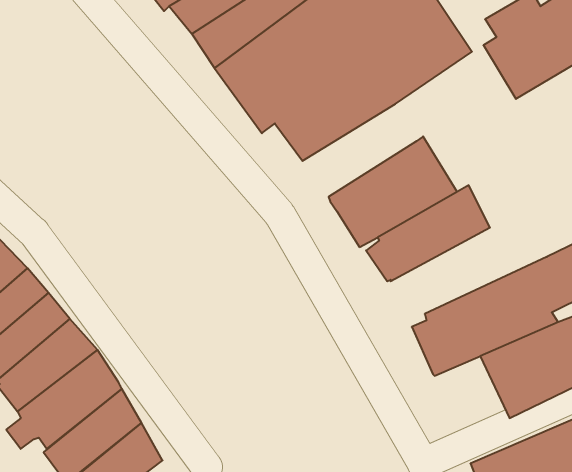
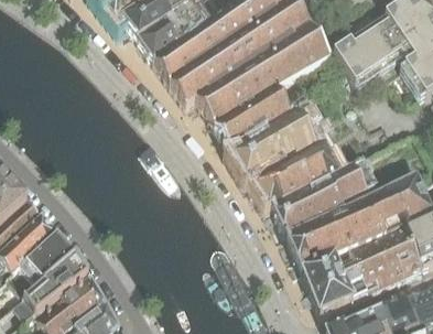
building: none -> [214,84,291,147]
building: none -> [273,152,379,230]
building: none -> [303,255,354,311]

